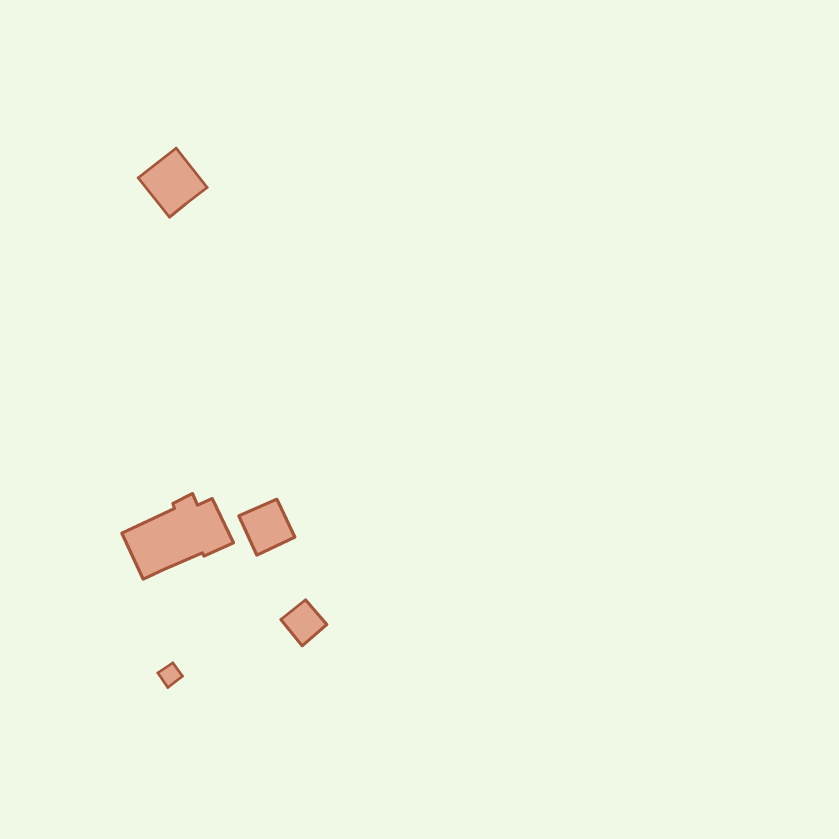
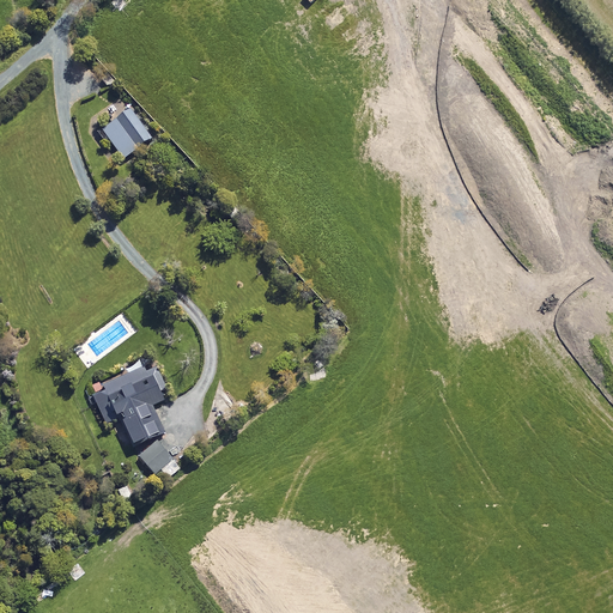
building: [239,499,295,555] -> [121,402,162,443]
building: [281,600,327,646] -> [139,439,172,473]

